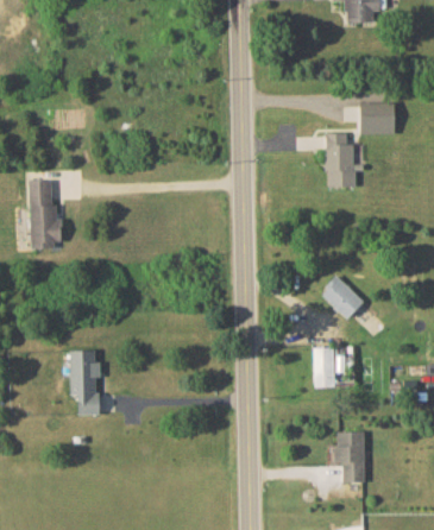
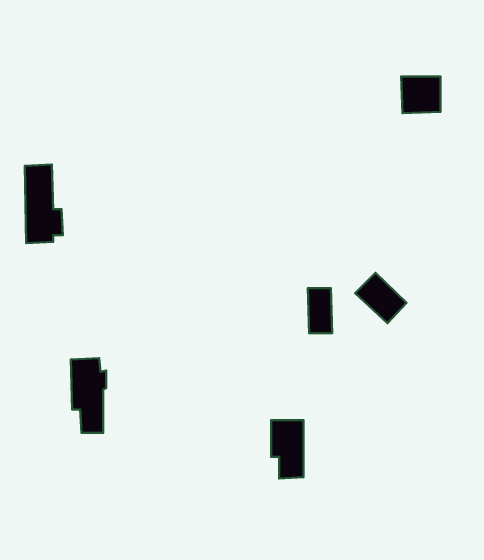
building: [326,132,354,187] -> none
building: [313,347,334,386] -> [308,288,332,333]
building: [335,431,364,482] -> [271,420,303,478]

